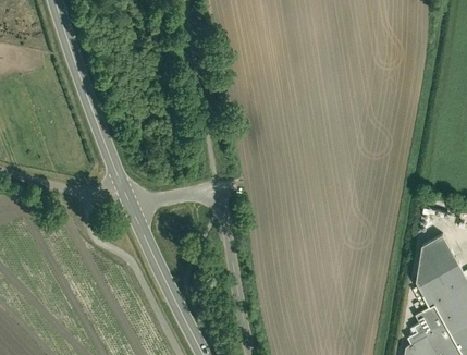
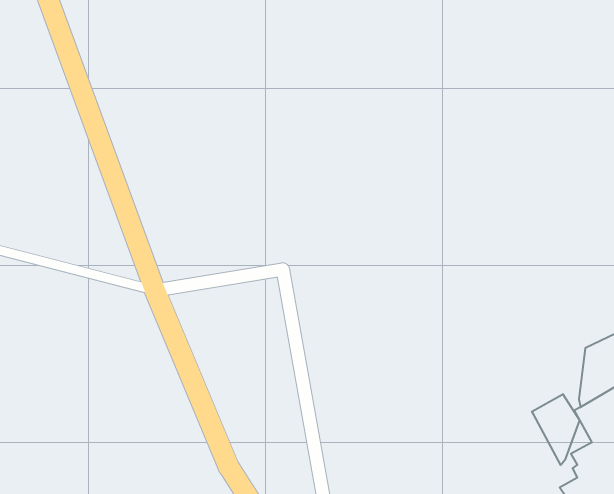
building: none -> [532,394,579,465]

